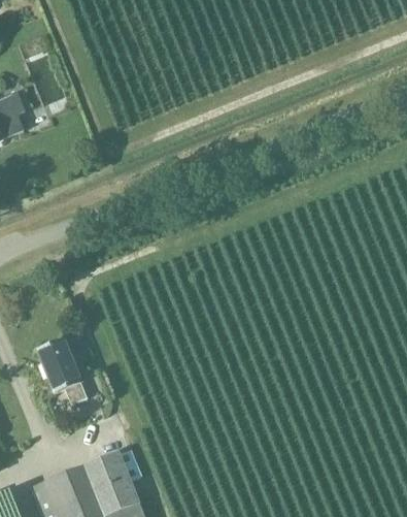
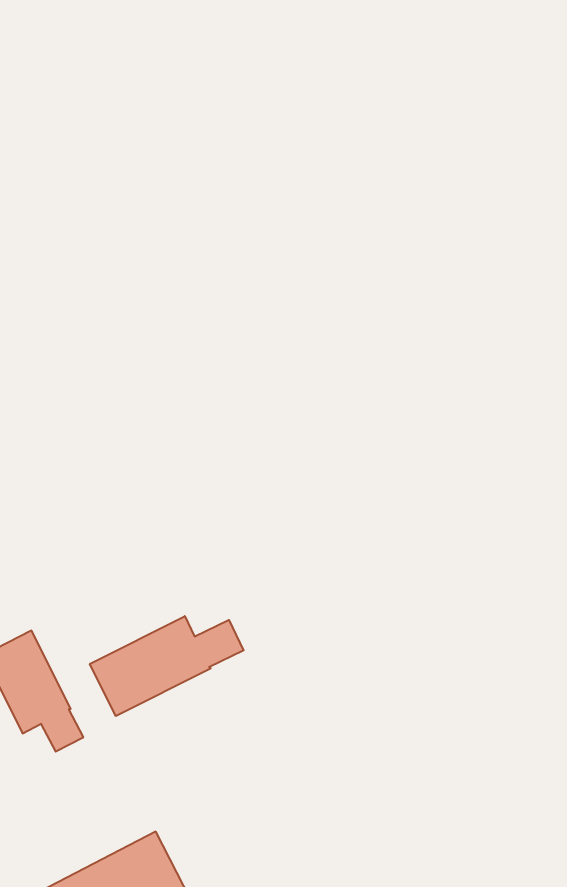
building: none -> [90,616,244,716]

